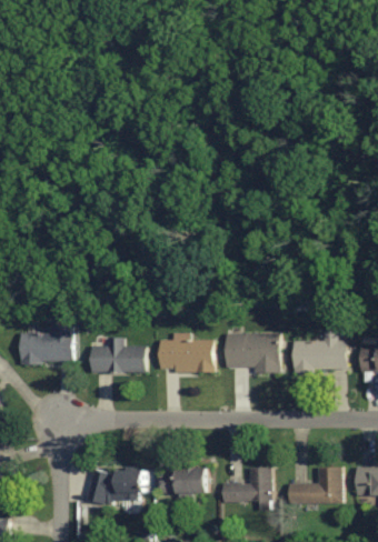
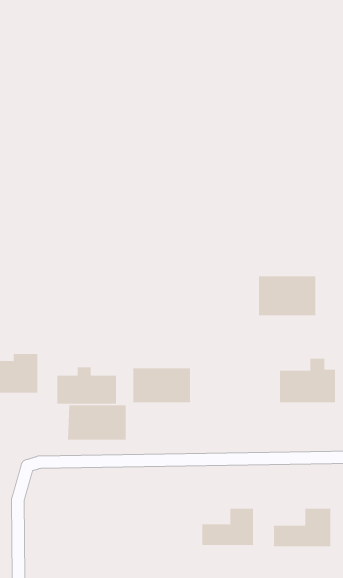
building: [226,333,279,370] -> [258,276,316,316]
building: [159,466,207,500] -> none
building: [88,469,142,501] -> [67,405,126,440]

